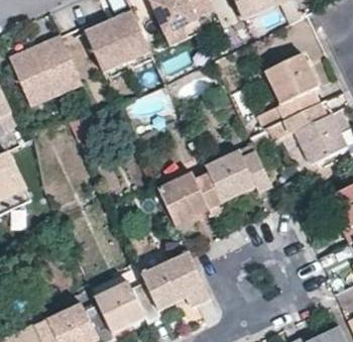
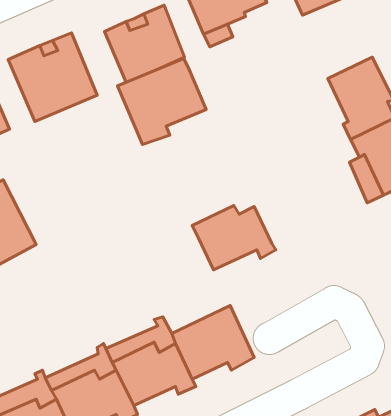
building: none -> [117,59,206,144]
building: [204,149,272,202] -> none

